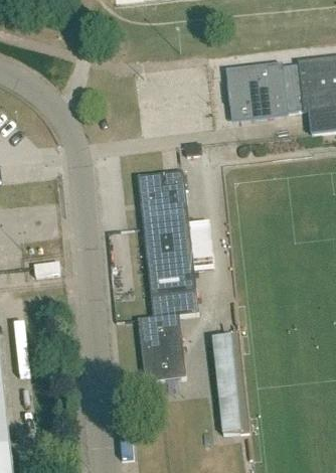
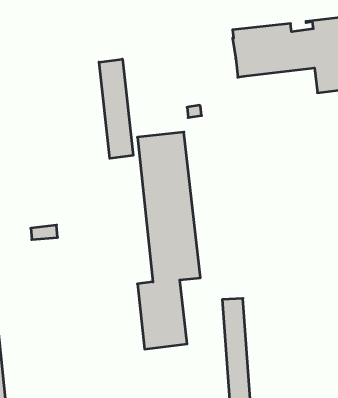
building: none -> [99,59,133,158]

